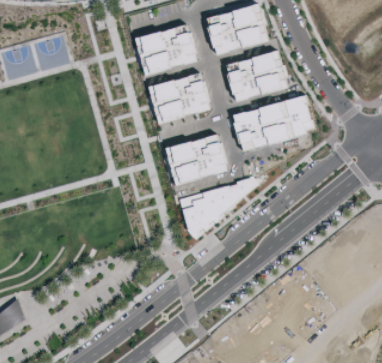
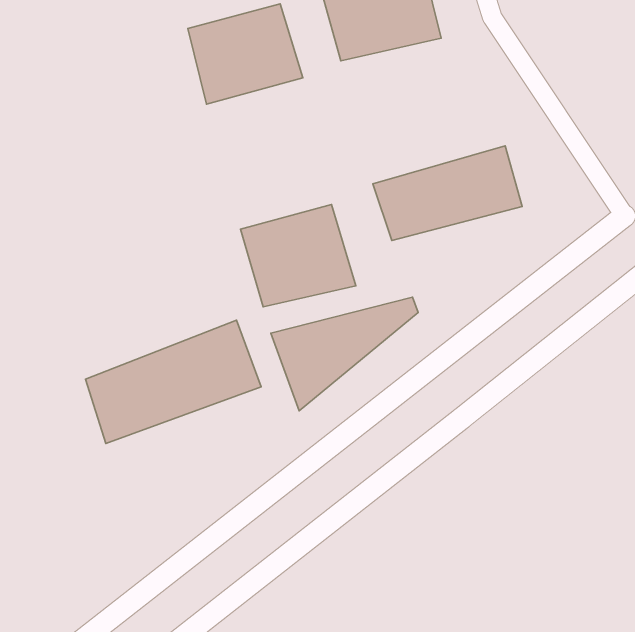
building: [218,51,287,103] -> none
building: [149,74,207,124] -> none
building: none -> [86,320,261,444]

